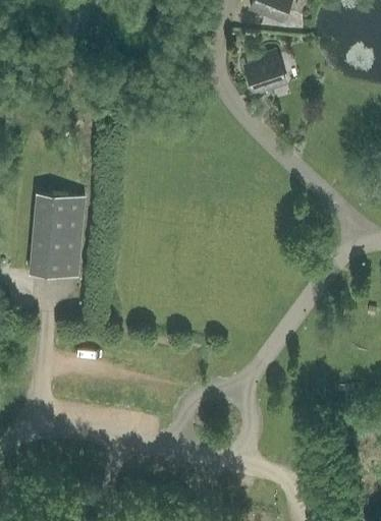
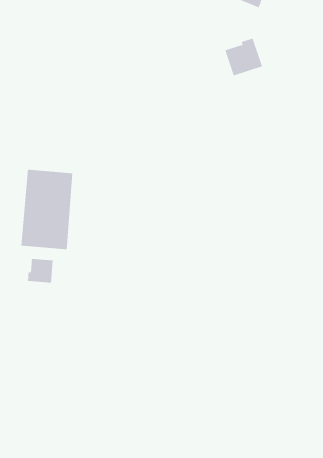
building: none -> [27,258,53,283]

